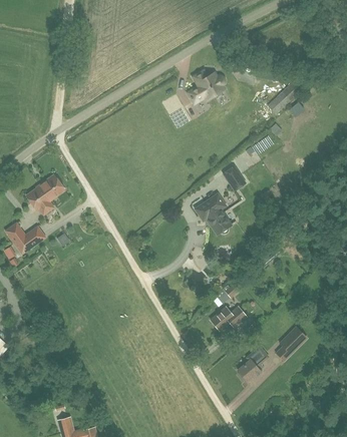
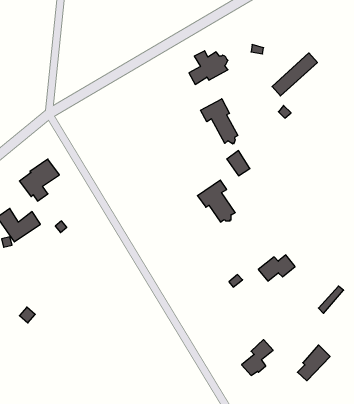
building: none -> [201,99,238,144]
building: [211,305,246,330] -> [258,255,295,281]
building: [275,325,306,359] -> [297,345,330,381]

